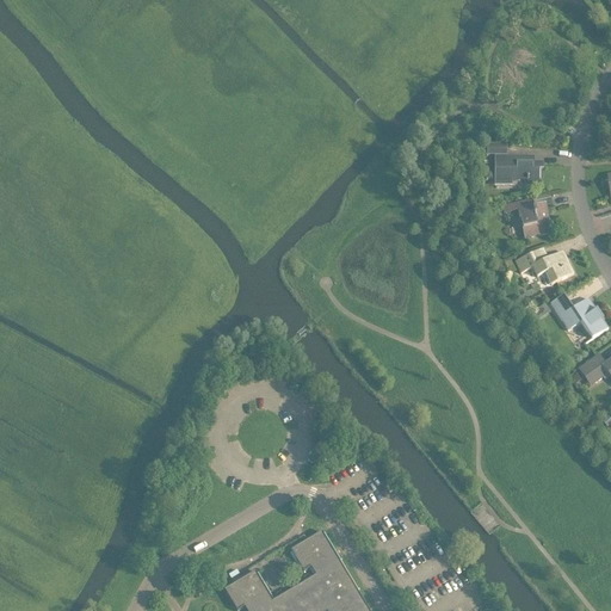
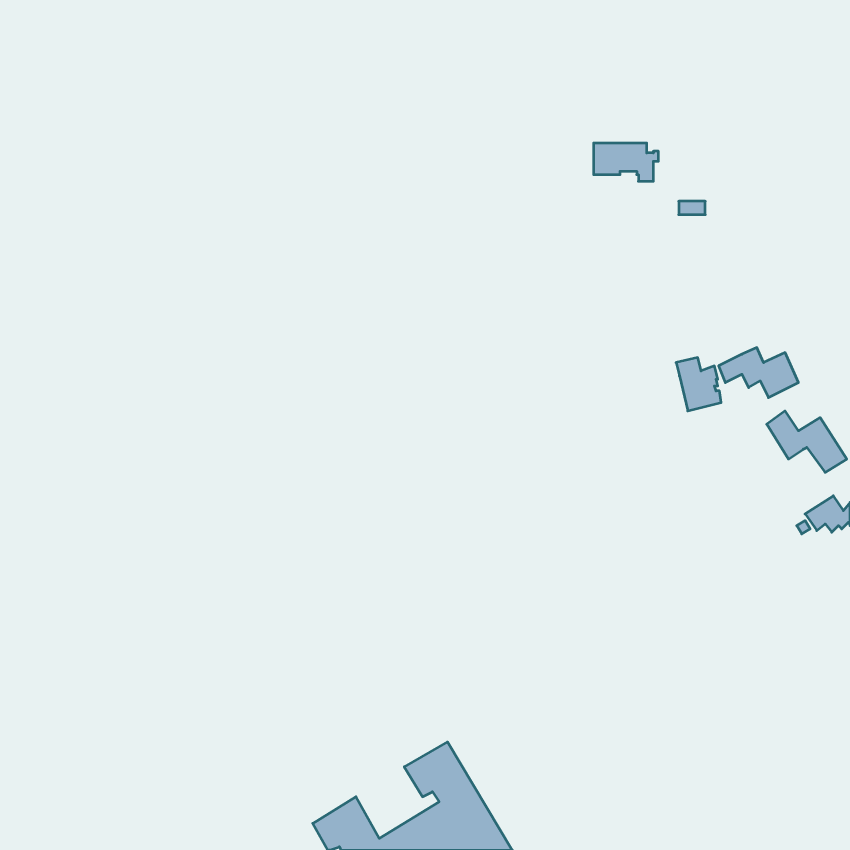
building: [495,156,542,184] -> [594,143,658,181]
building: [516,200,548,239] -> [676,358,721,411]

